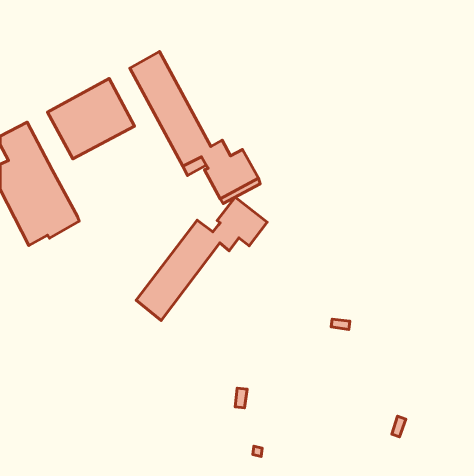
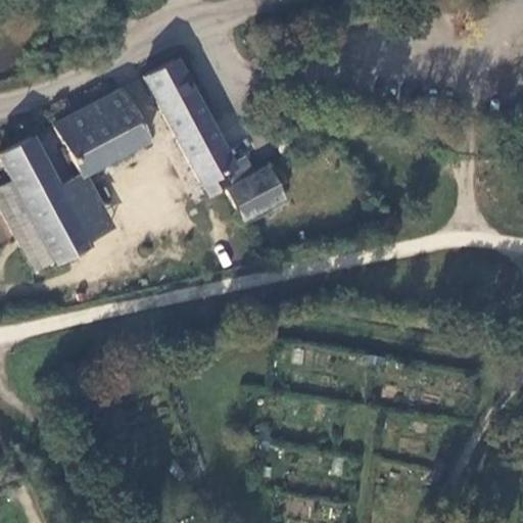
building: none -> [60,175,111,238]
building: [136,197,267,320] -> none

